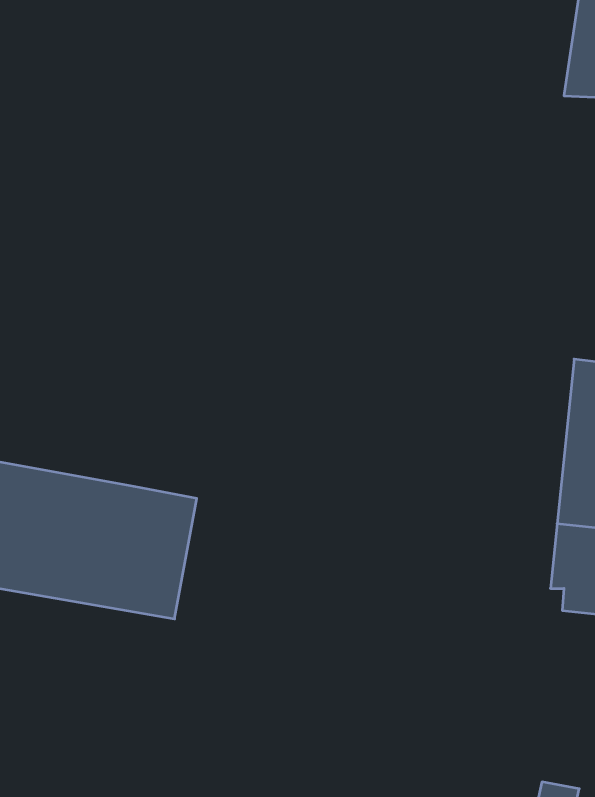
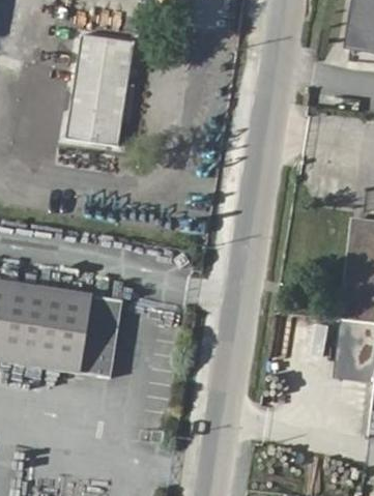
building: none -> [65,29,138,141]

